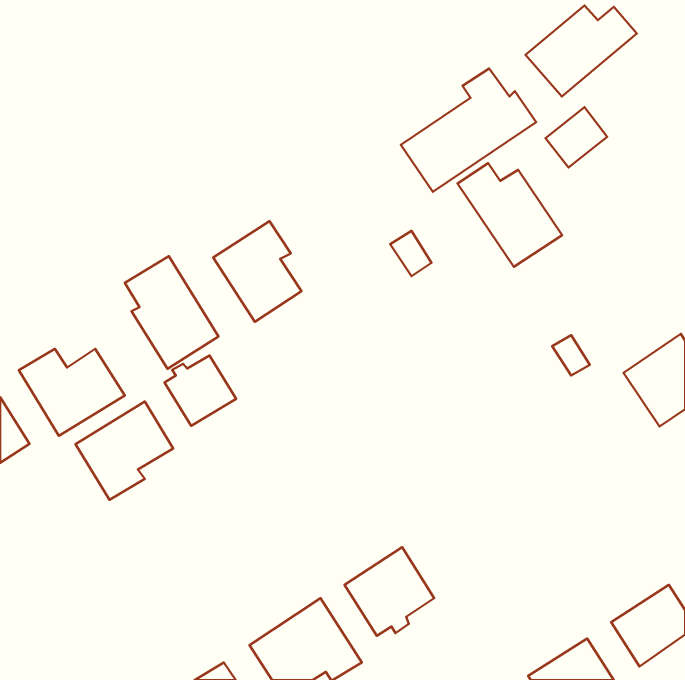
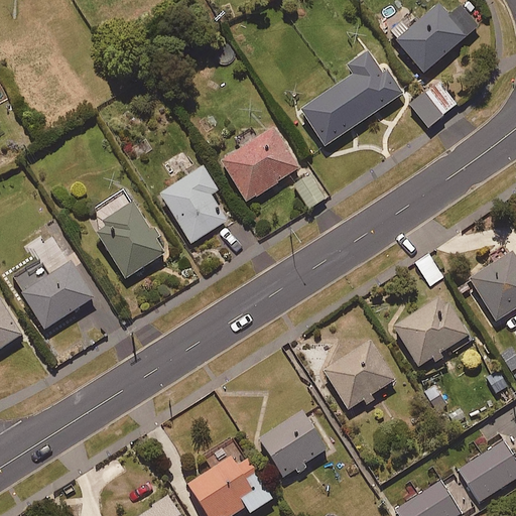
building: [458,163,562,267] -> none
building: none -> [222,128,299,201]
building: [164,356,236,426] -> none
building: none -> [393,298,470,366]
building: [75,402,173,500] -> none
building: none -> [324,342,395,409]

